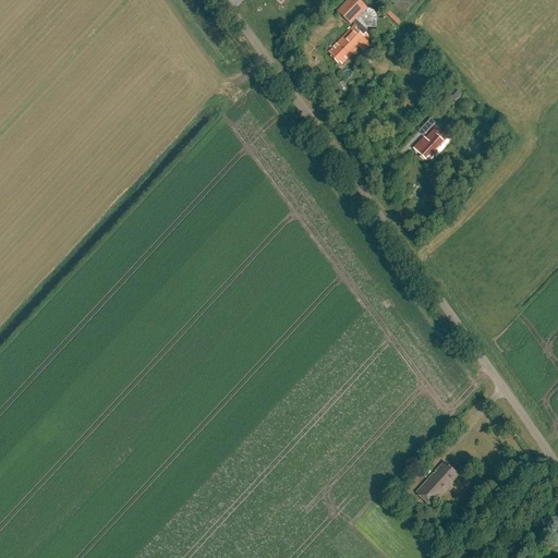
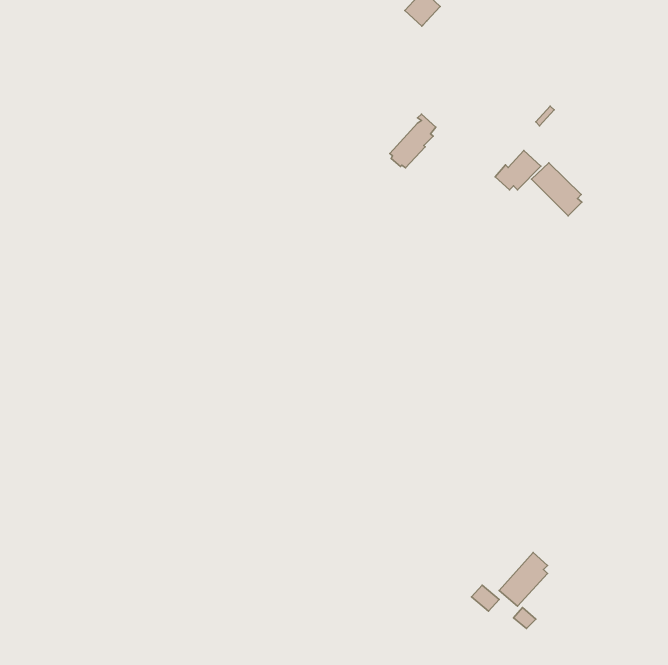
building: [330,17,368,62] -> [390,114,436,168]
building: none -> [532,163,582,216]

